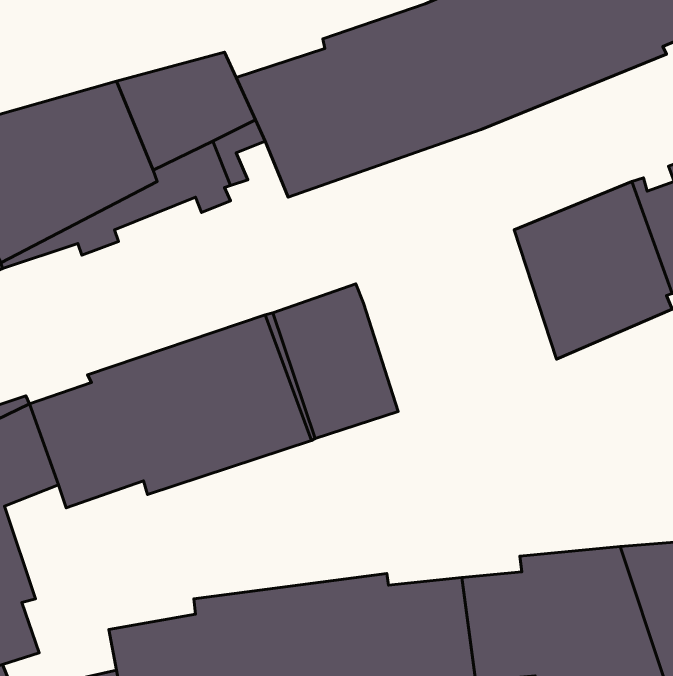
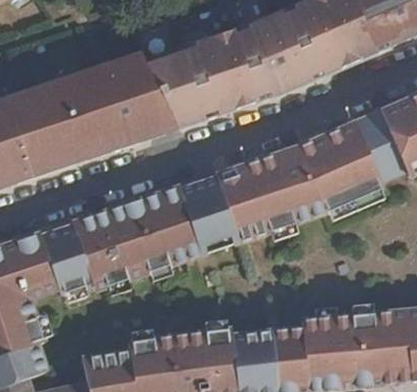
building: none -> [216,147,319,243]

